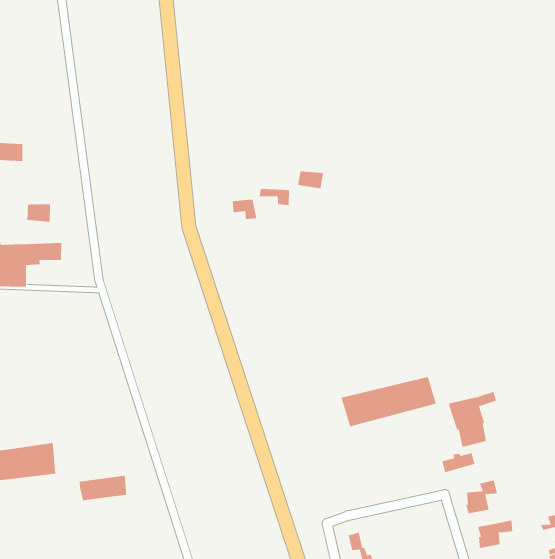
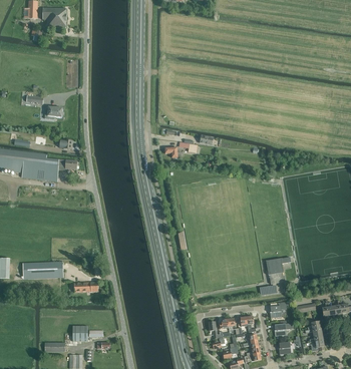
building: [341,376,436,427] -> none

